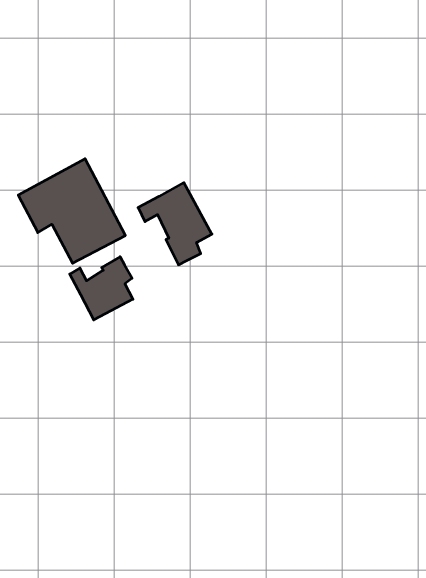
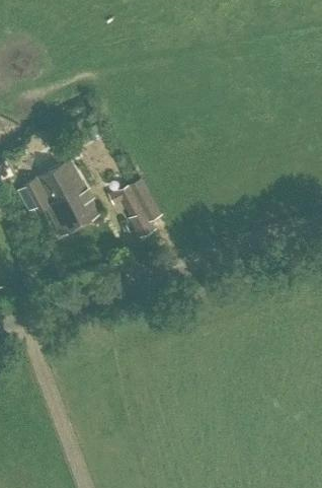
building: [70,257,133,320] -> none

